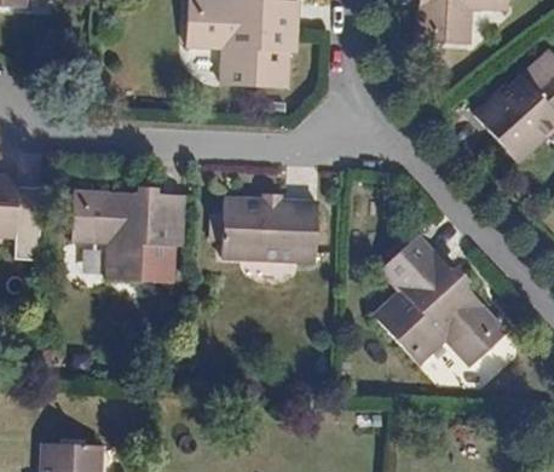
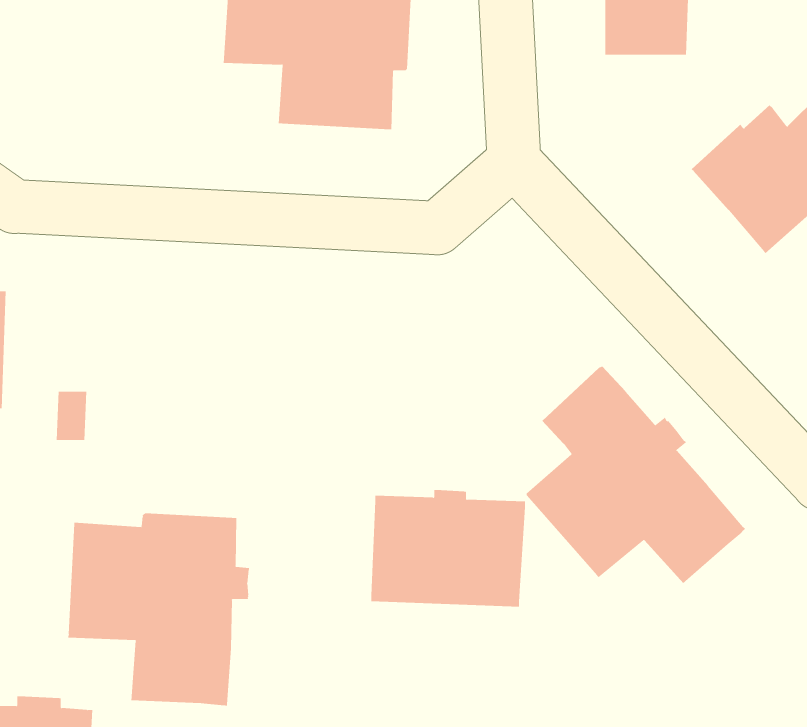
building: [70,186,186,284] -> none
building: [221,191,317,264] -> [371,489,526,607]
building: none -> [68,513,250,706]

